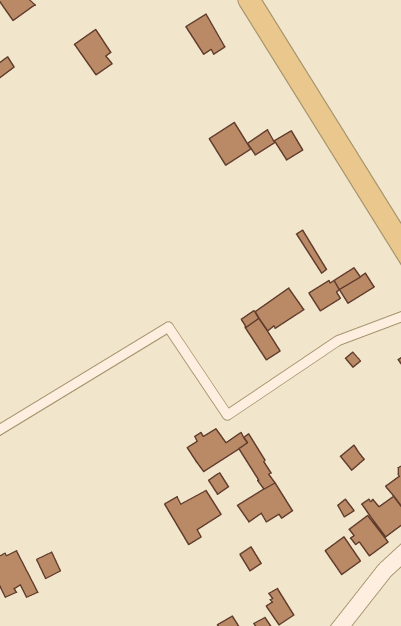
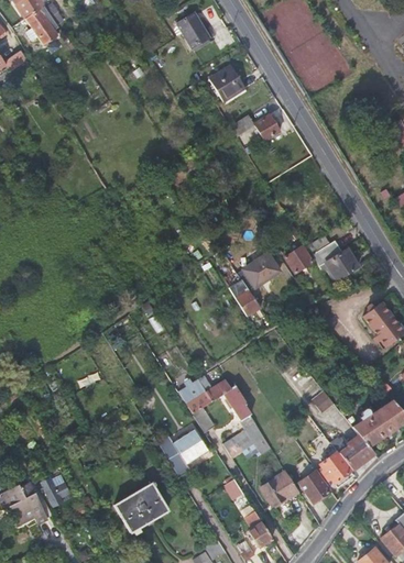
building: [74,30,112,75] -> [25,5,58,45]
building: [209,122,251,165] -> [209,65,245,102]
building: none -> [319,249,359,280]
building: none -> [261,472,298,520]
building: none -> [114,483,168,533]

